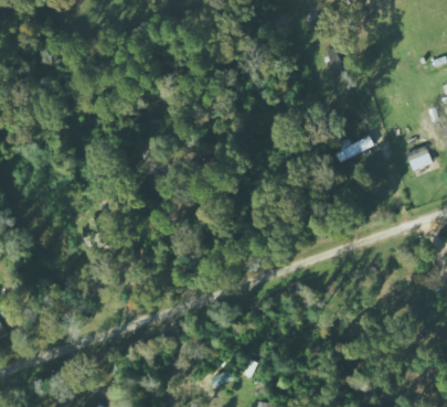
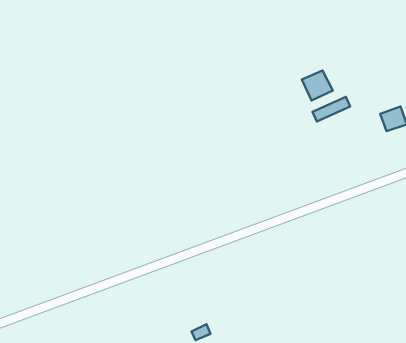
building: none -> [302,71,333,101]

